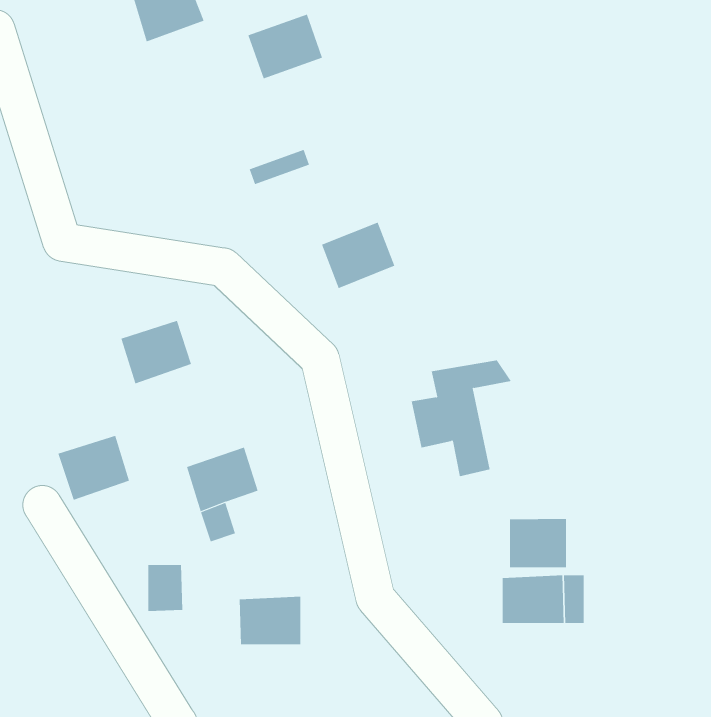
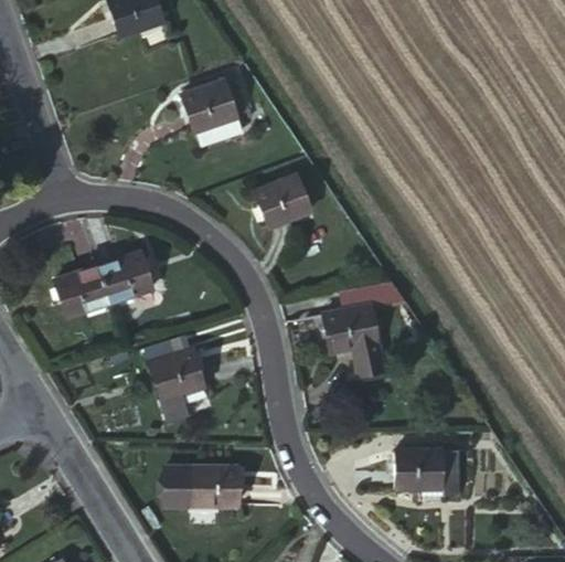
building: [248,14,323,79] -> [181,81,239,131]
building: [57,435,130,501] -> [54,266,110,317]
building: [510,518,567,568] -> none
building: [148,564,183,611] -> [164,468,192,505]

